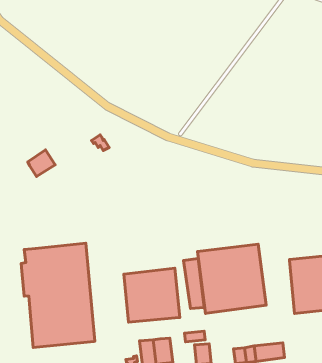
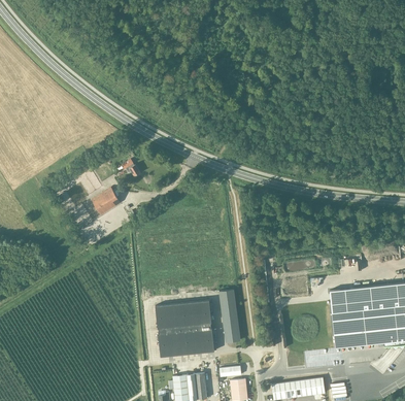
building: [28,150,55,176] -> [92,188,121,215]
building: [21,243,95,347] -> none
building: [197,244,266,313] -> none

